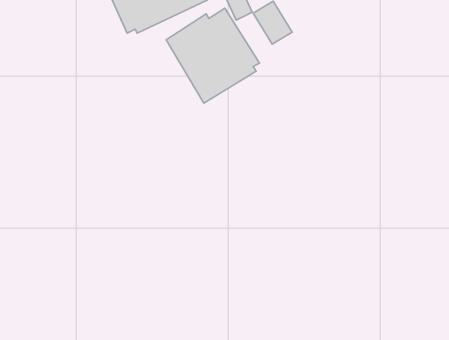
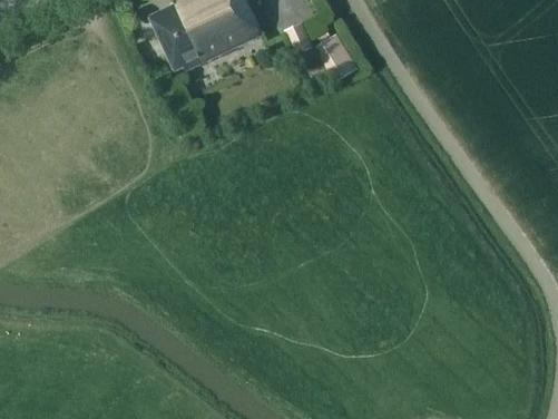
building: [166,8,259,103] -> none

